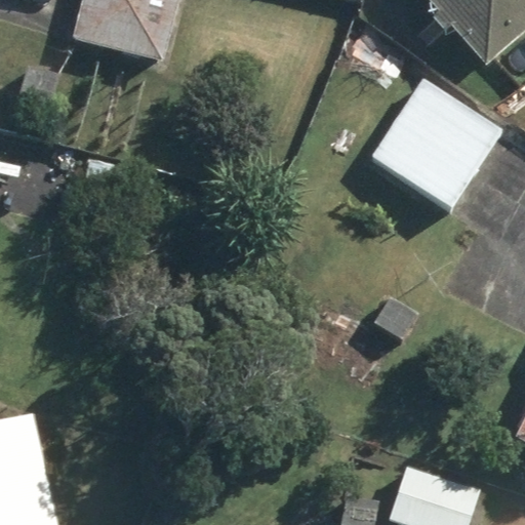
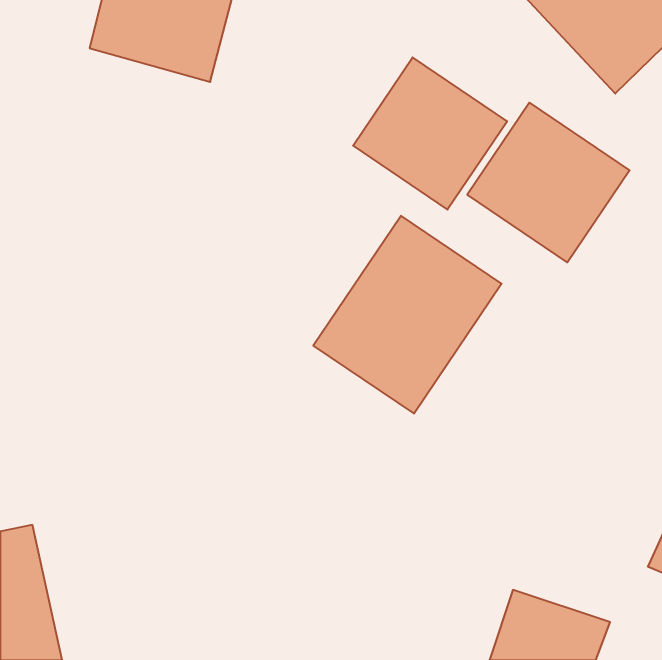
building: none -> [353,57,507,210]
building: none -> [313,216,502,414]

